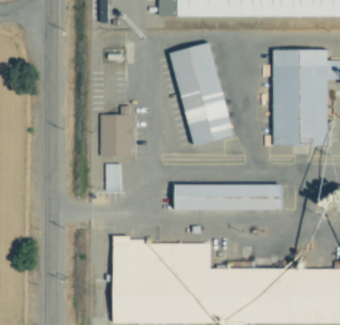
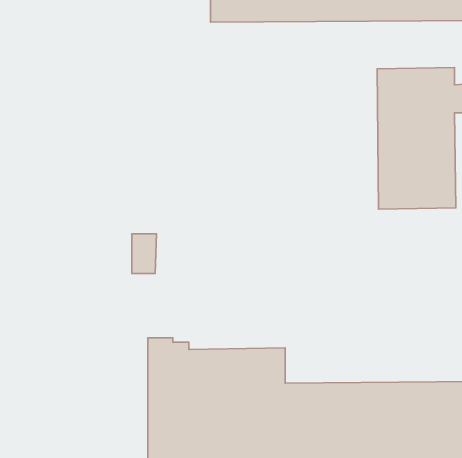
building: [169,42,233,146] -> none
building: [97,106,130,157] -> none
building: [175,184,282,212] -> none

